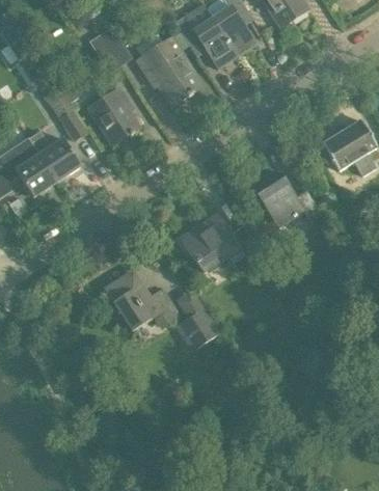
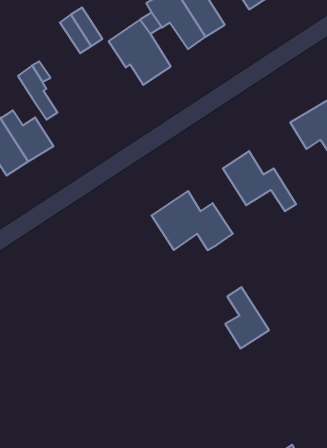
building: [88,86,141,145] -> none
building: [105,273,181,329] -> none
building: [174,289,219,351] -> [225,287,269,348]

